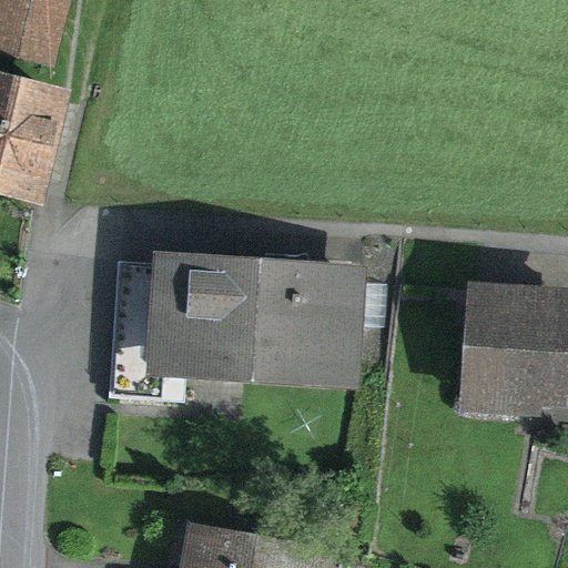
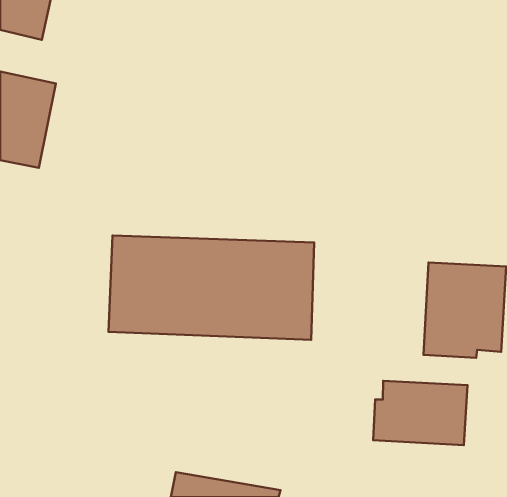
building: none -> [373,381,467,445]

